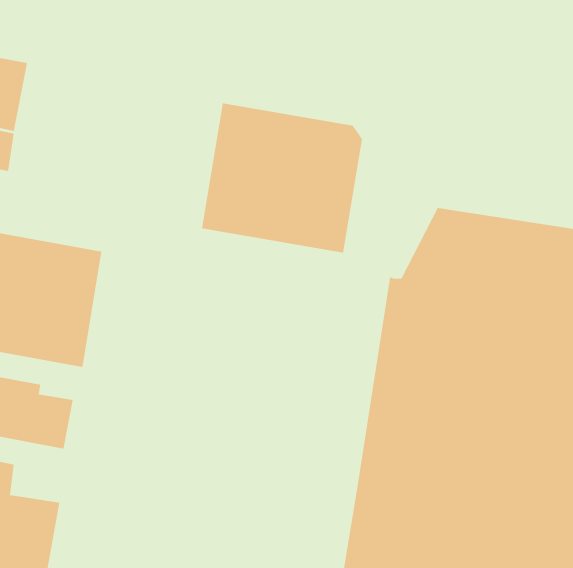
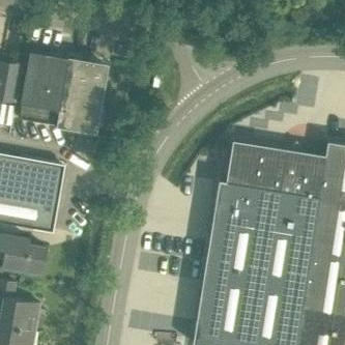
building: [201,103,363,253] -> [19,52,107,134]

